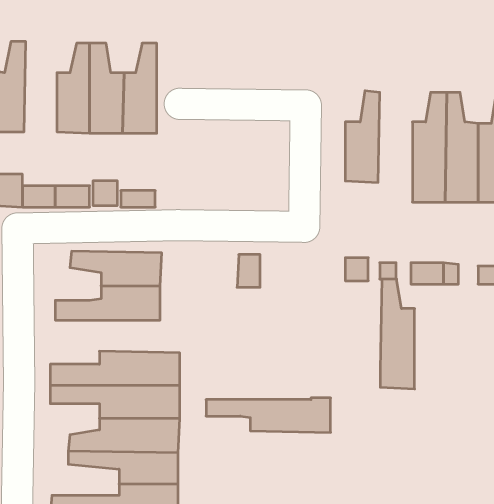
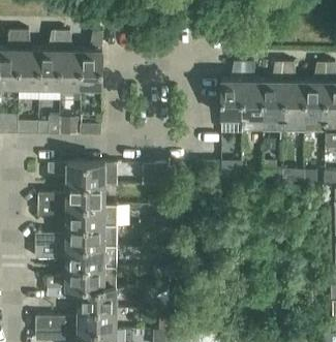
building: none -> [19,30,39,87]
building: [380,279,415,389] -> [242,62,264,131]
building: [206,398,331,432] -> [38,205,117,226]

